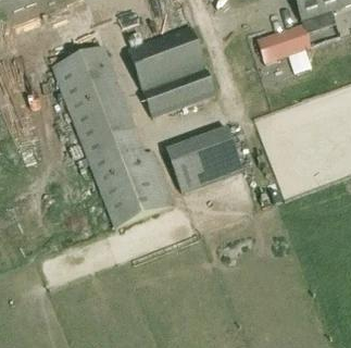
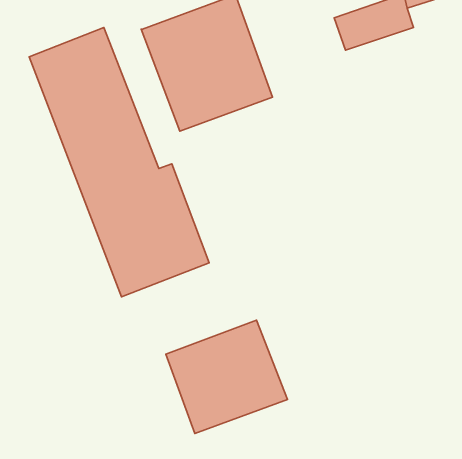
building: [165,125,247,201] -> [166,320,287,434]

